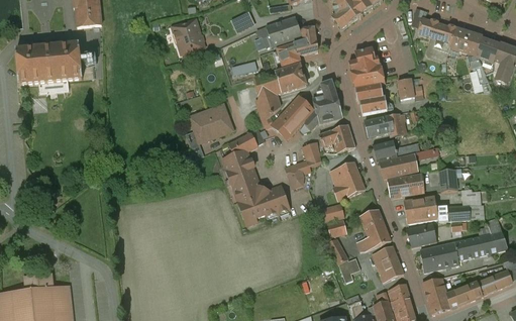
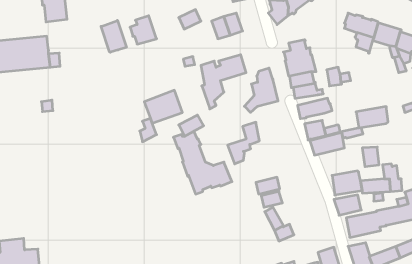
building: none -> [101,20,126,52]
building: [277,26,317,66] -> none
building: [273,94,314,137] -> none
building: [319,123,355,151] -> none
building: [330,161,366,199] -> none
building: [388,173,424,197] -> [356,107,388,128]
building: [356,208,391,250] -> none
building: [373,244,404,281] -> none

